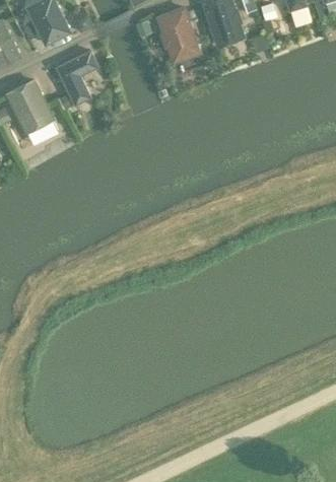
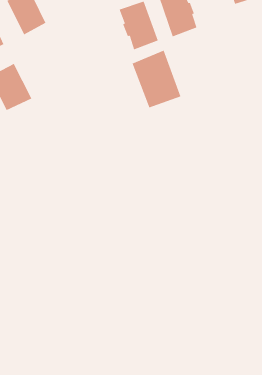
building: [54,49,97,105] -> none
building: none -> [132,50,181,109]

